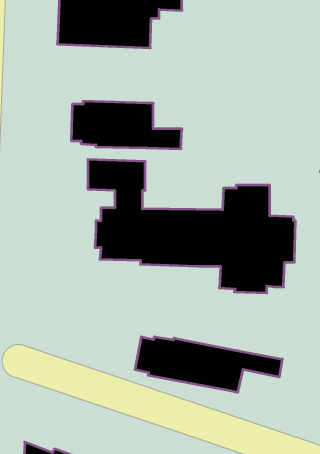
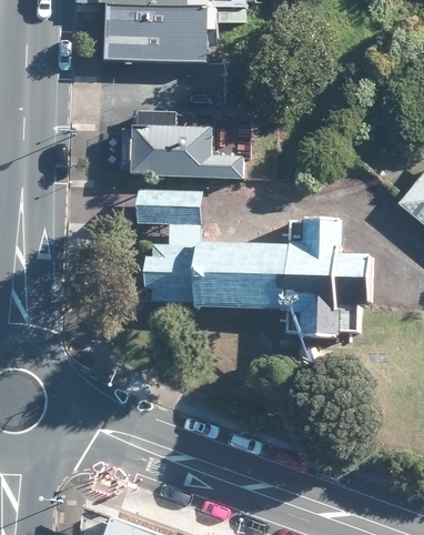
building: [135,337,282,392] -> none

